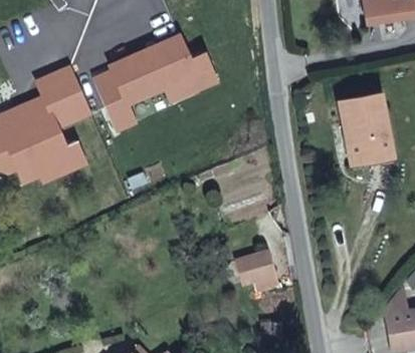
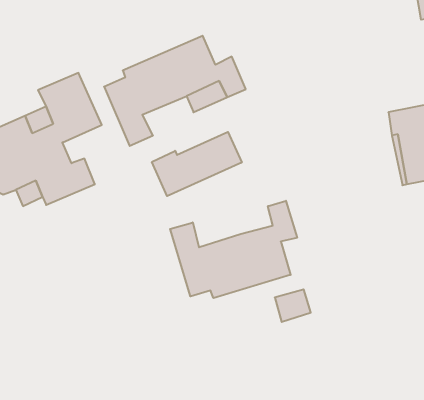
building: none -> [152,132,242,196]
building: none -> [170,201,297,298]

